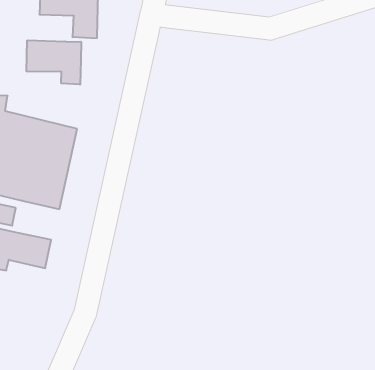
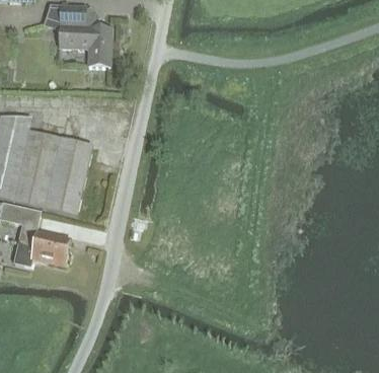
building: [26,40,81,85] -> none

